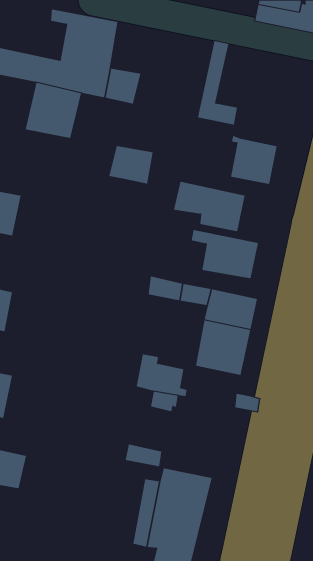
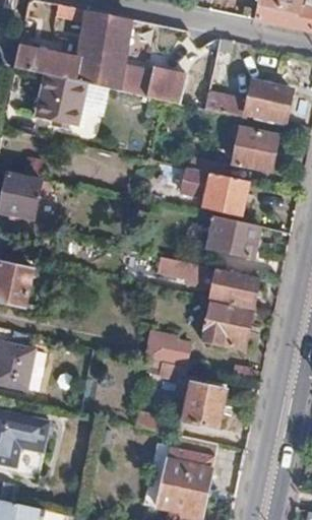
building: none -> [248,83,292,121]
building: [108,146,153,184] -> [145,68,187,104]
building: none -> [184,380,227,427]

